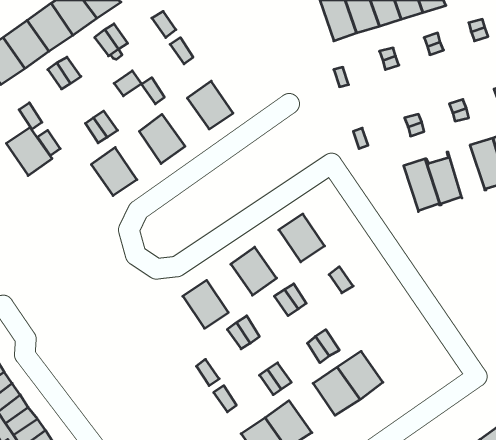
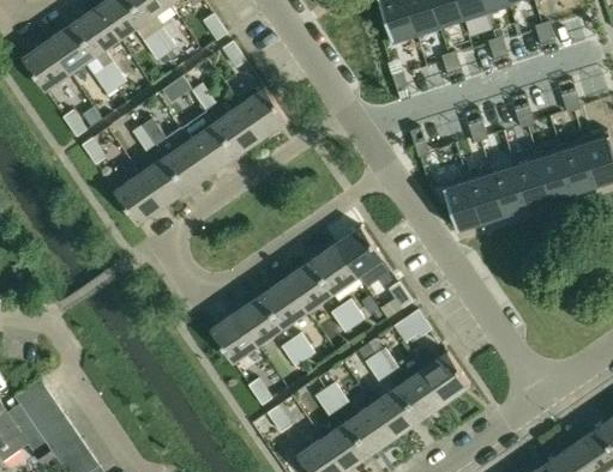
building: none -> [212,104,262,155]
building: [6,127,52,176] -> [113,174,161,224]
building: none -> [163,139,211,189]
building: none -> [512,153,551,208]
building: none -> [428,175,481,230]
building: none -> [309,242,357,292]
building: none -> [259,278,307,328]
building: none -> [391,309,431,344]
building: none -> [209,311,257,363]
building: none -> [421,351,470,401]
building: none -> [345,403,393,454]

